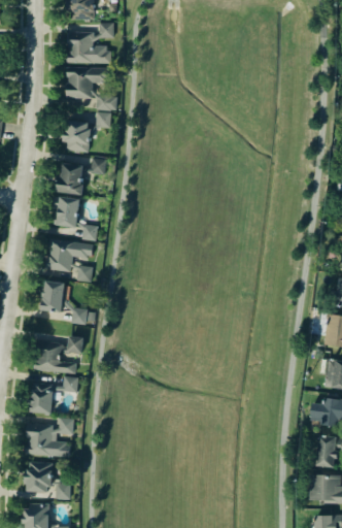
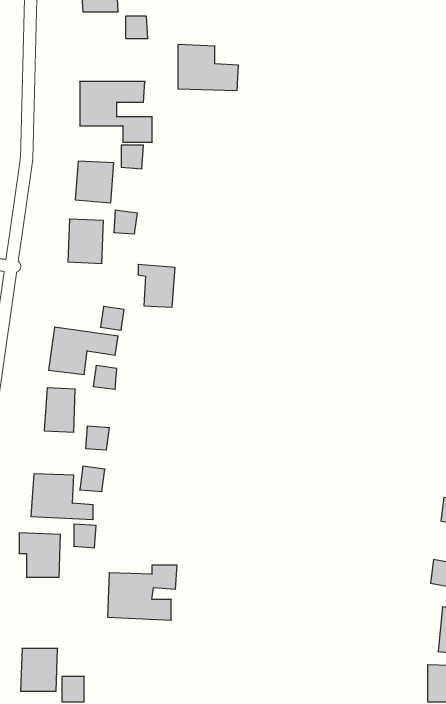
building: [68,31,110,63] -> [178,45,239,90]
building: [54,196,79,226] -> [138,264,175,307]
building: [26,418,74,456] -> [108,565,177,620]

